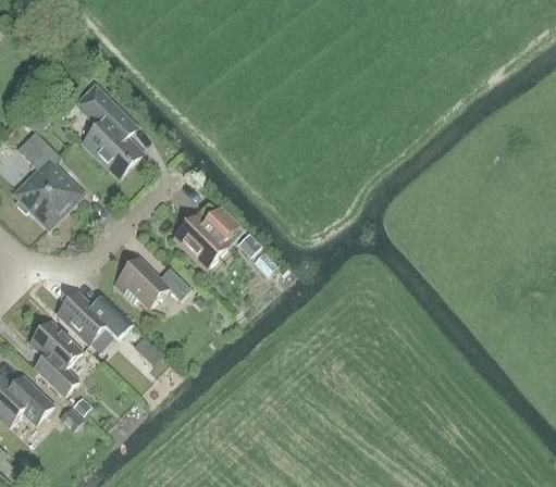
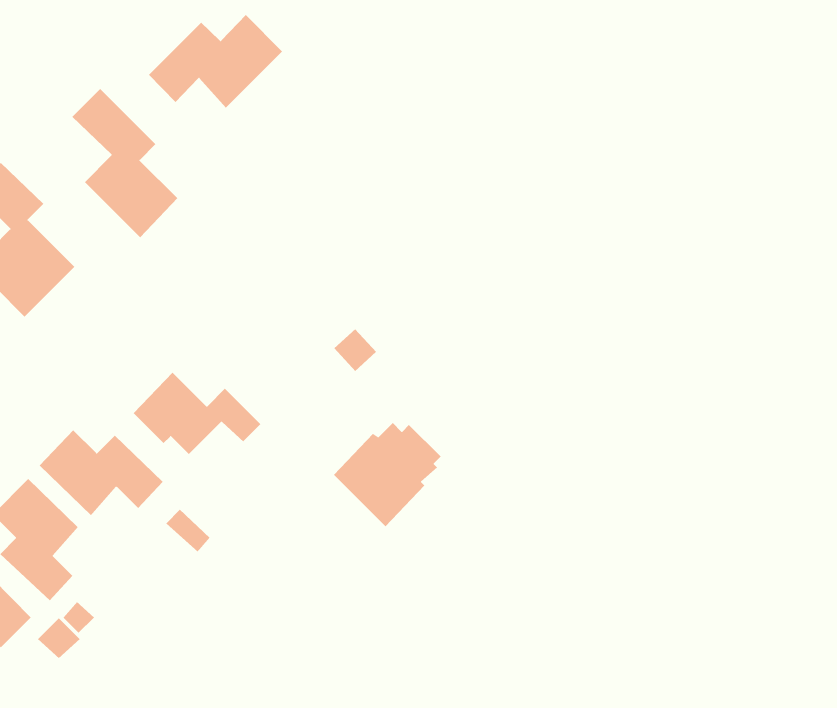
building: none -> [148,14,283,108]
building: [173,205,238,269] -> [333,422,442,527]

